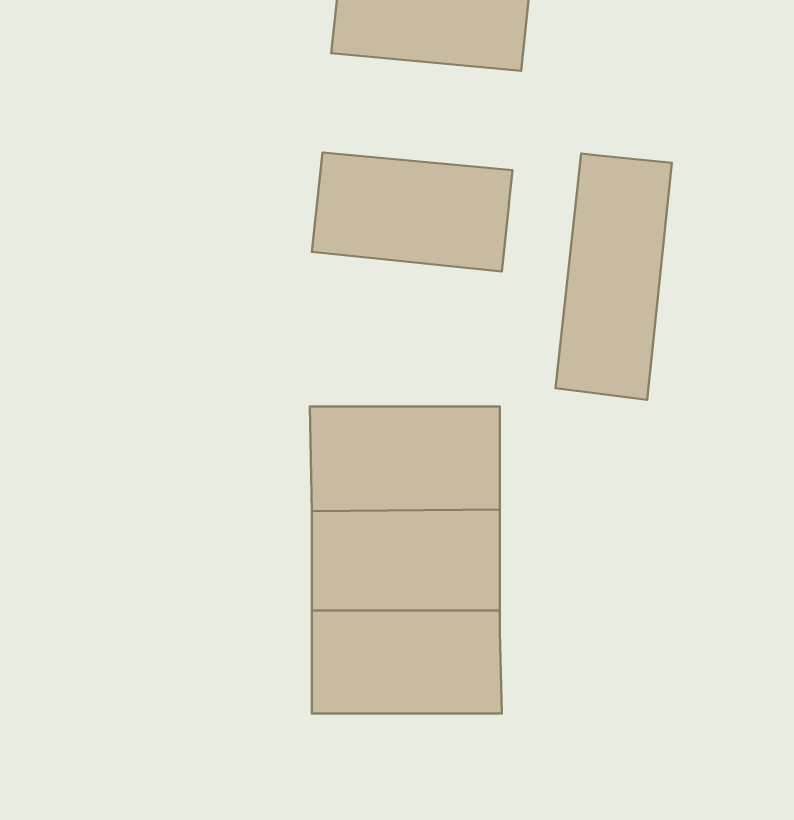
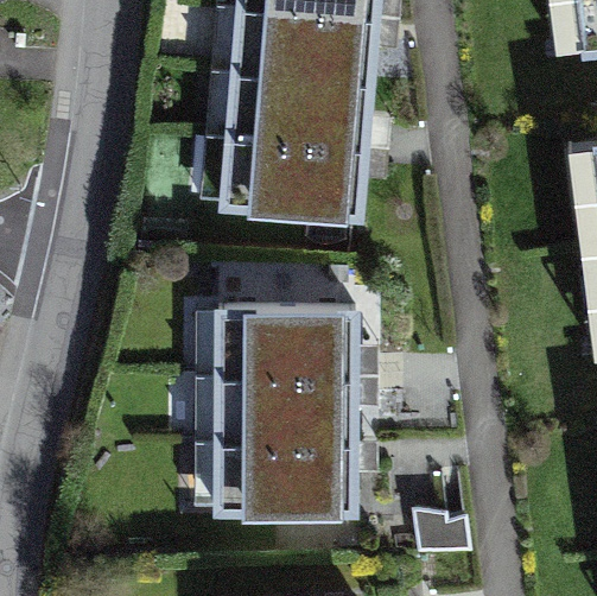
building: none -> [237,78,370,157]
building: [556,154,672,400] -> none

